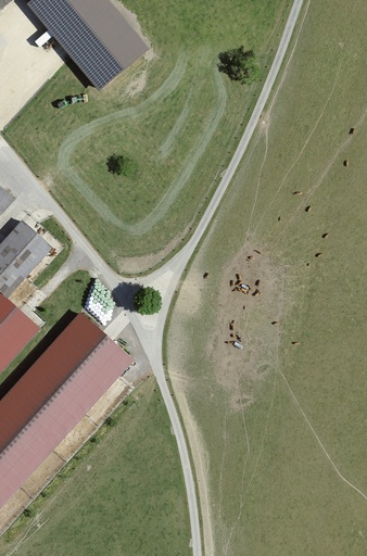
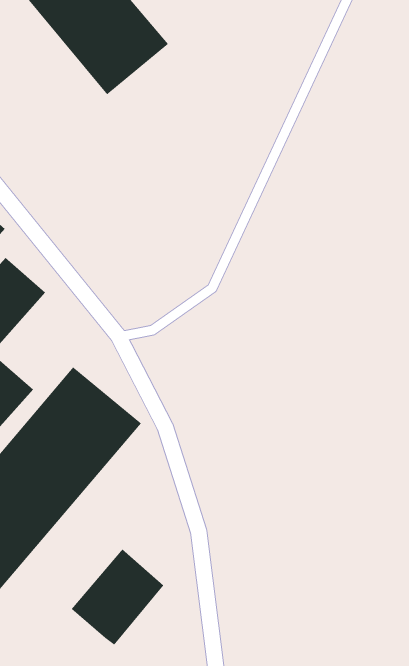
building: none -> [71,549,164,646]

